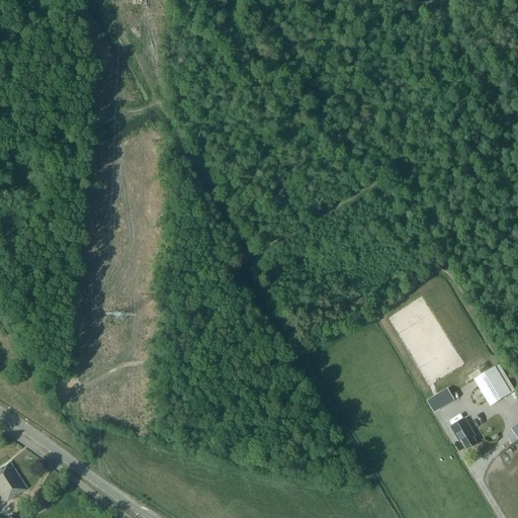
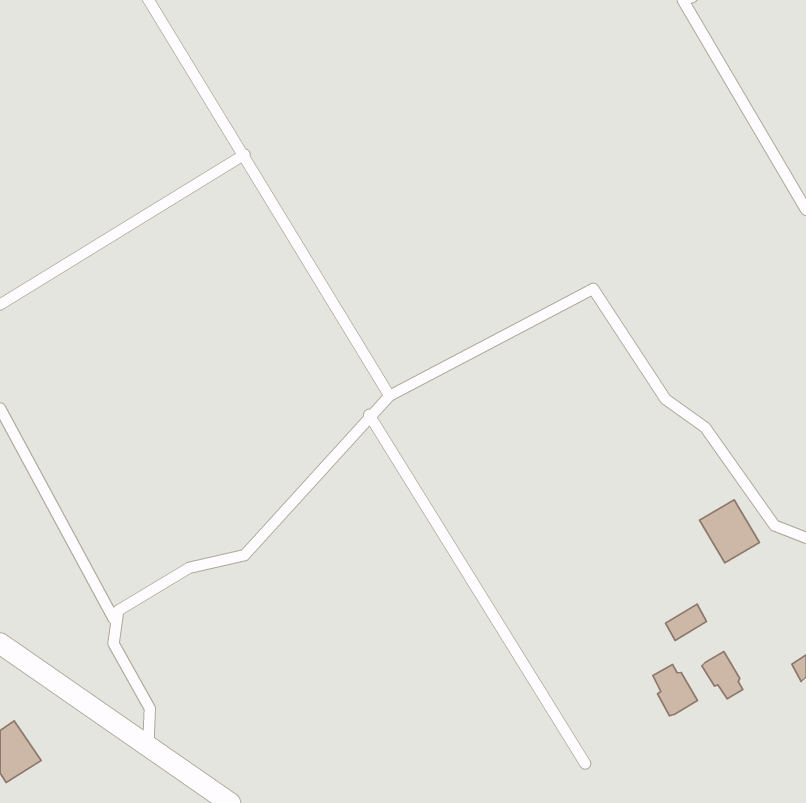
building: [473,364,512,405] -> [700,500,760,563]
building: none -> [653,664,698,716]

